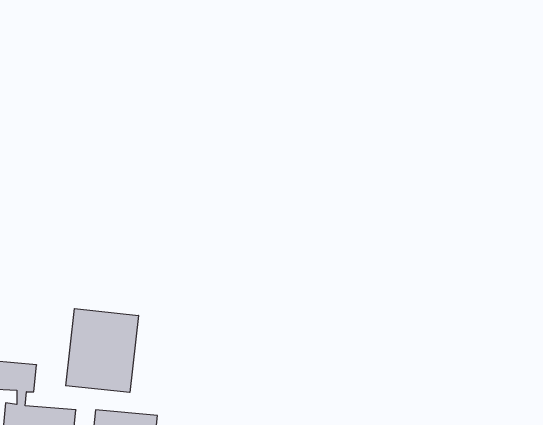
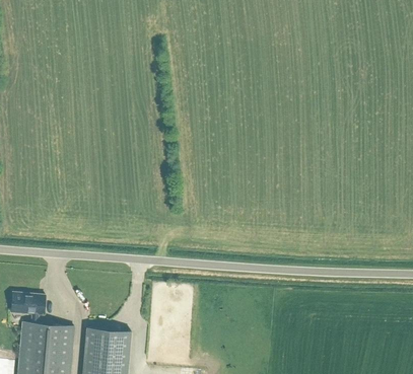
building: [66,309,138,392] -> none

